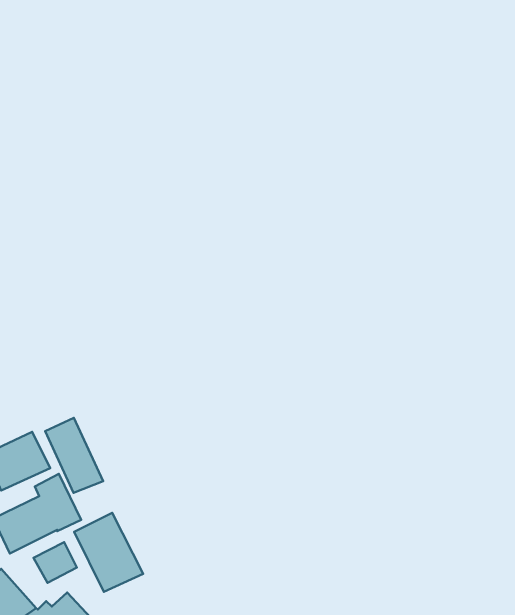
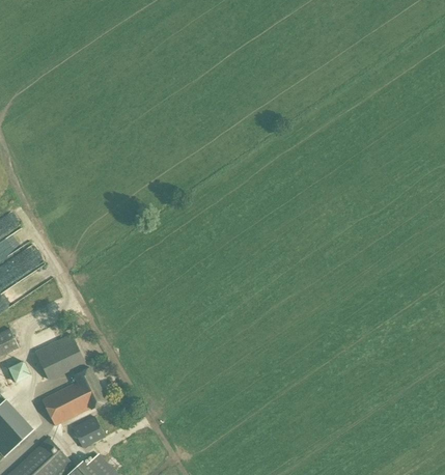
building: [45,418,103,493] -> none
building: [74,513,143,592] -> none

